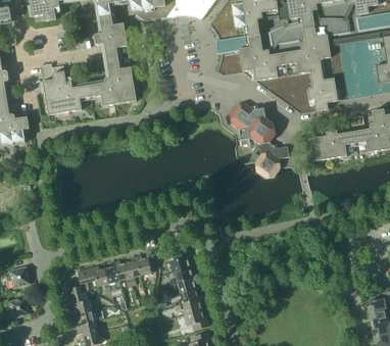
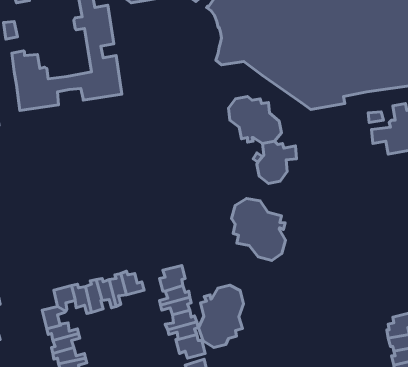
building: [309,129,354,160] -> none
building: none -> [231,198,286,261]
building: none -> [199,285,243,347]

